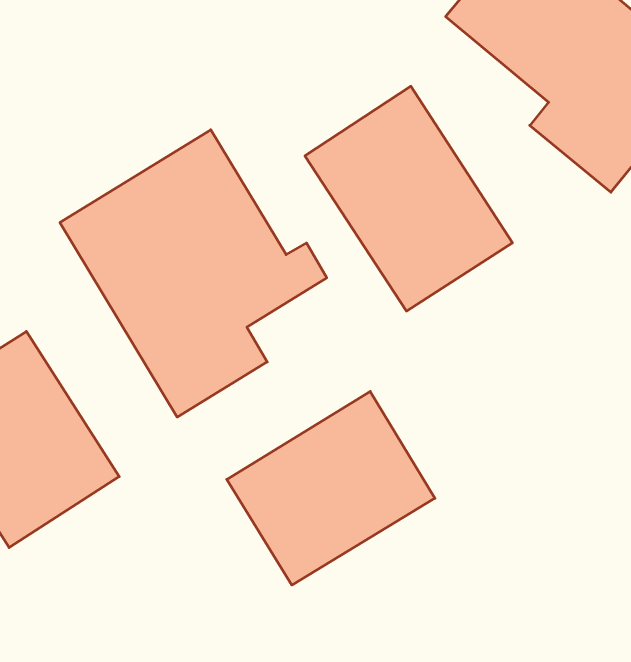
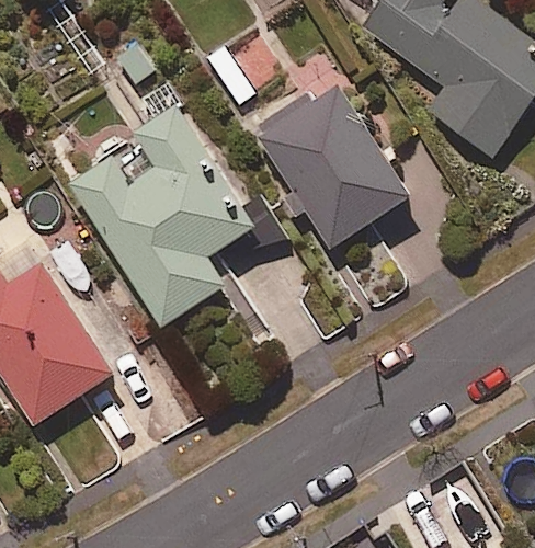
building: [227,391,435,585] -> none

